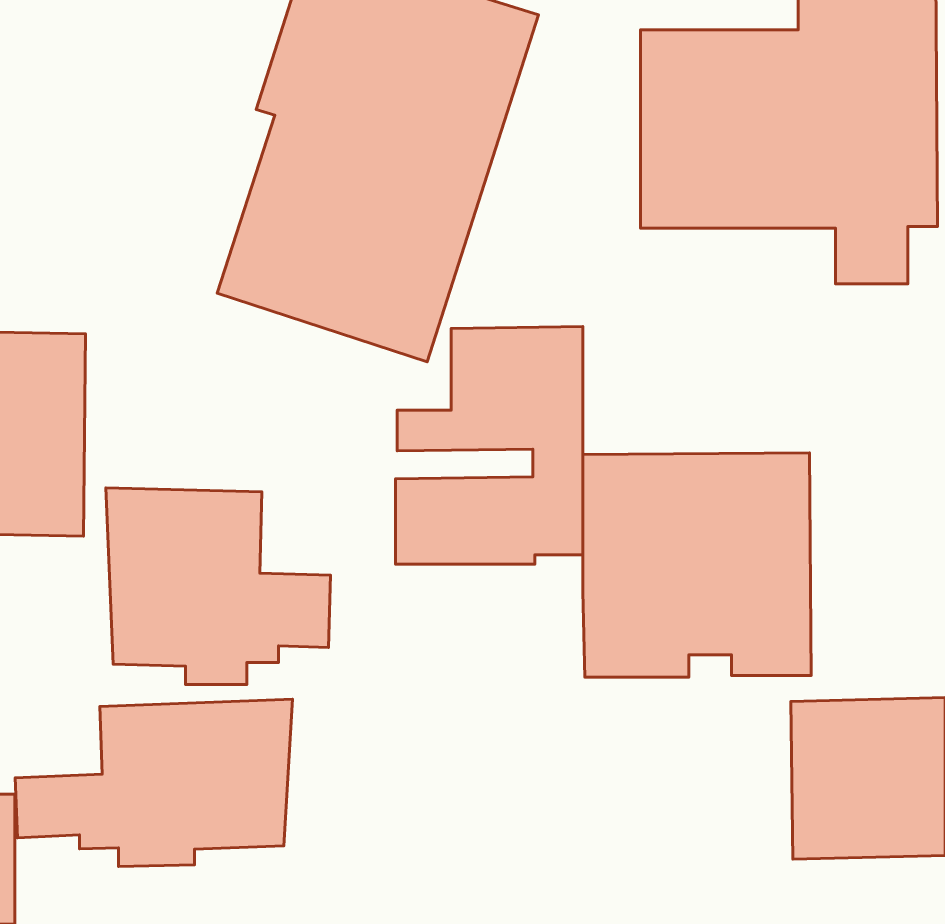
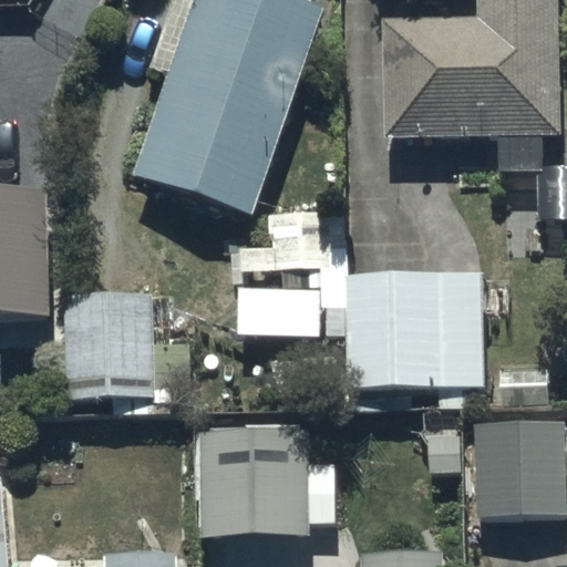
building: [15,699,293,866] -> none
building: none -> [197,421,337,538]

